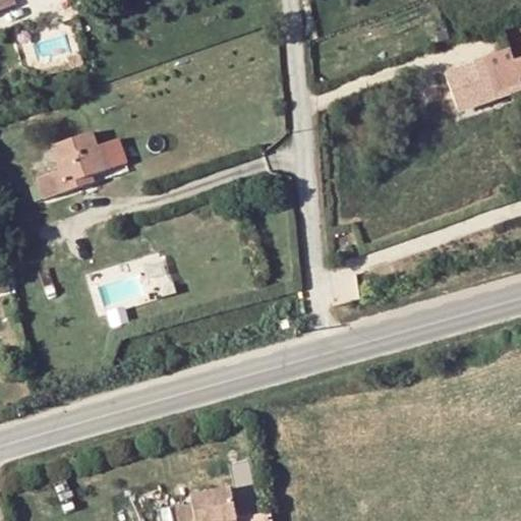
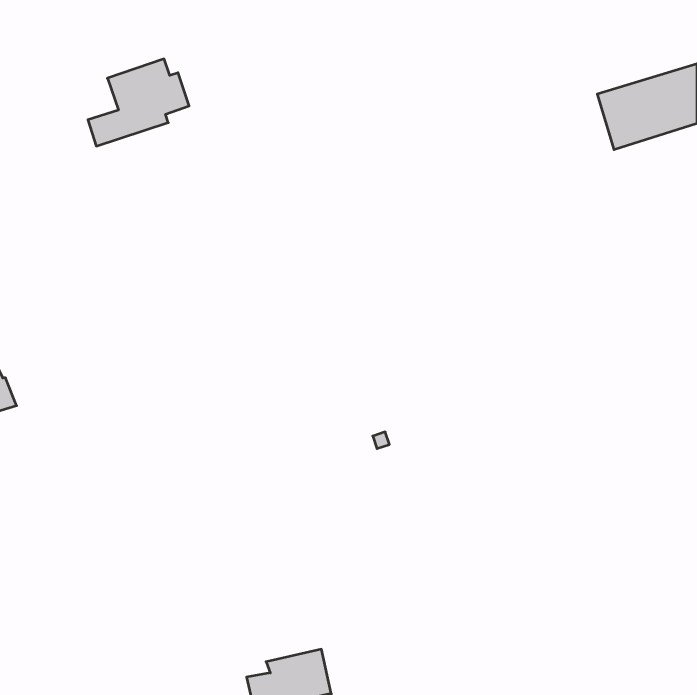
building: [35,126,109,190] -> [88,59,189,146]

